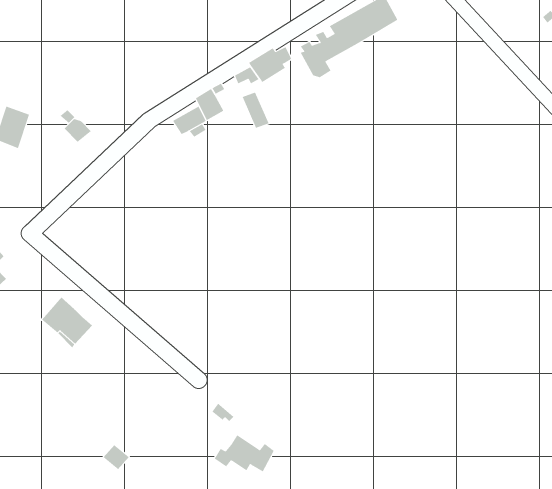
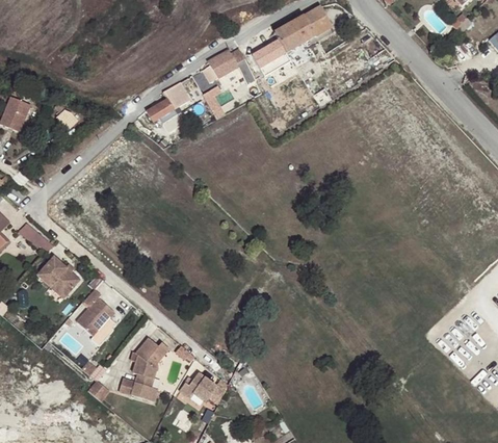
building: none -> [20,223,57,251]
building: none -> [77,287,115,335]
building: none -> [120,336,171,399]

